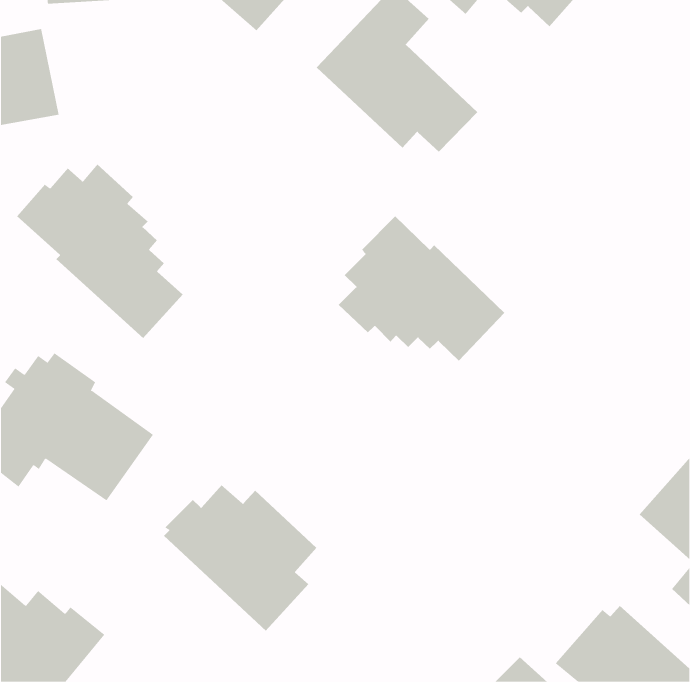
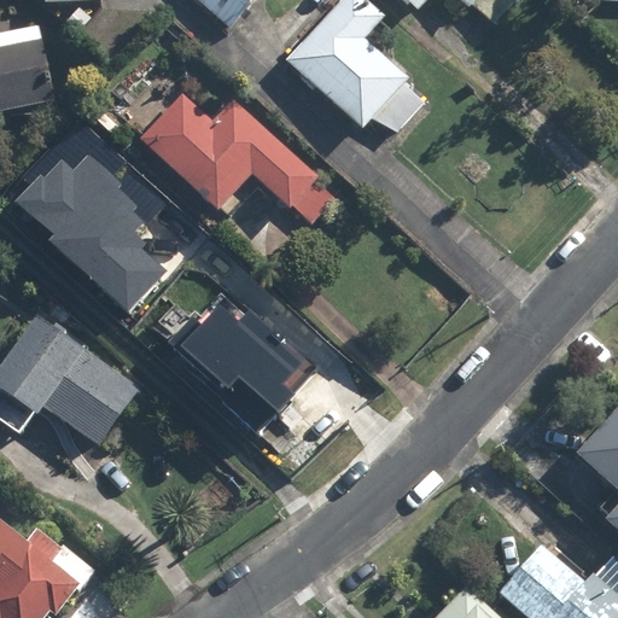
building: none -> [138,95,336,229]
building: [338,215,505,362] -> none
building: [163,484,317,632] -> [167,297,304,428]

